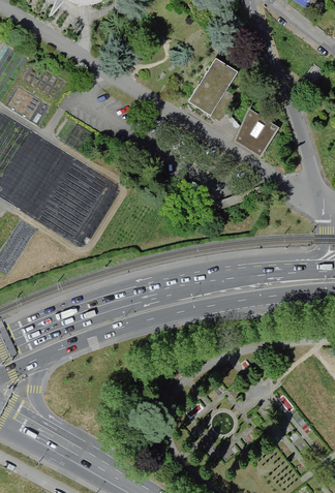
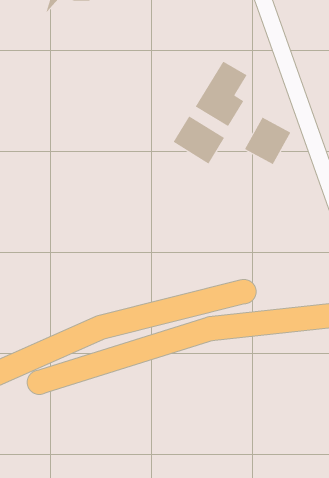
building: none -> [173,115,225,164]

